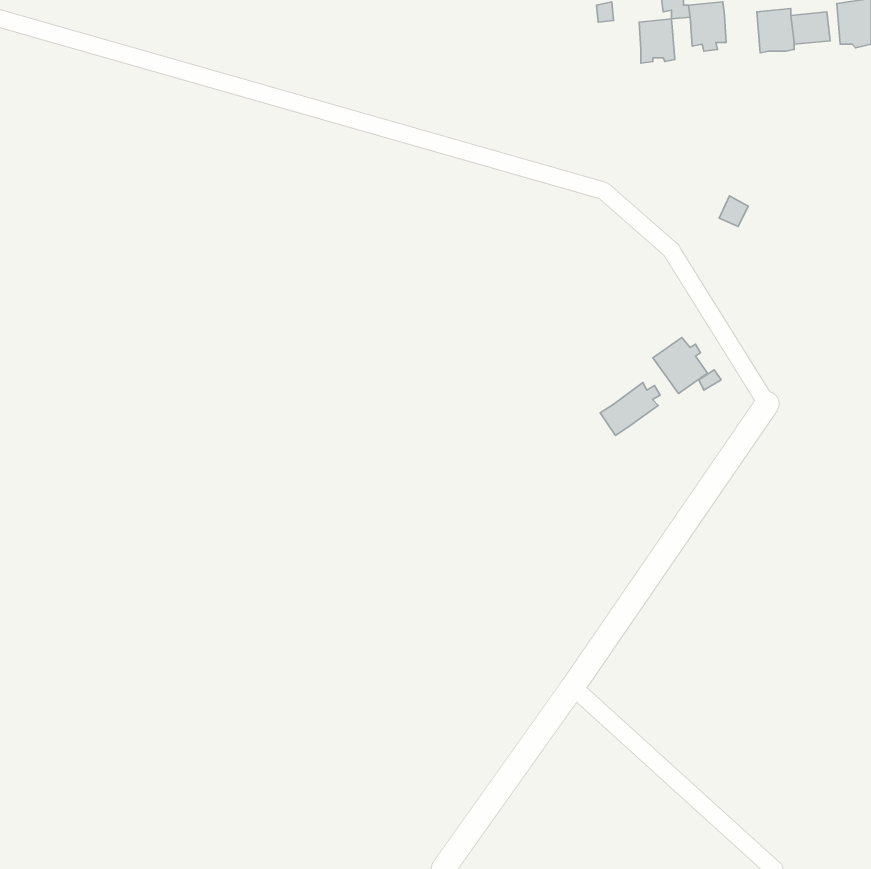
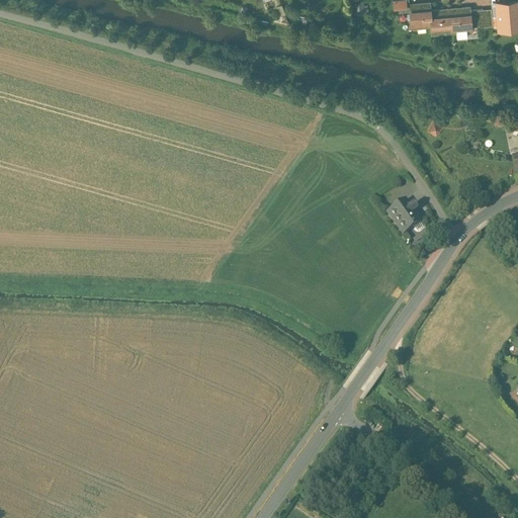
building: [639,19,675,63] -> [430,7,451,33]
building: [600,383,660,435] -> none

